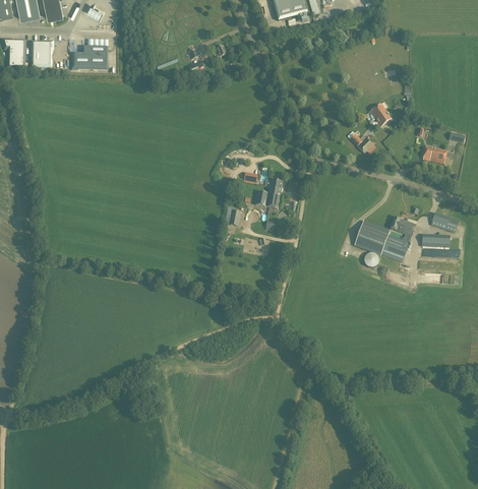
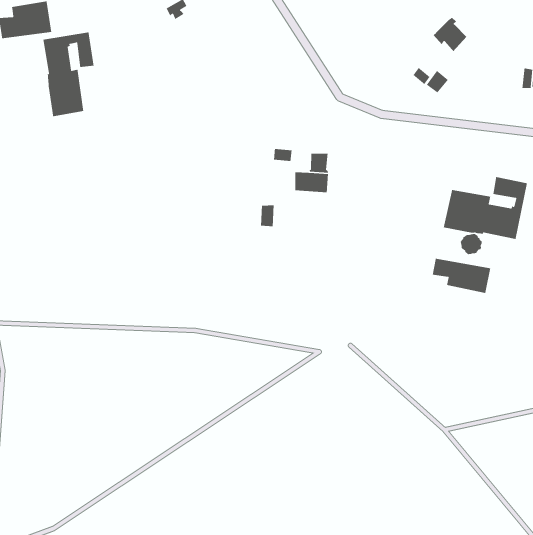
building: none -> [42,31,95,117]
building: none -> [432,258,491,294]

